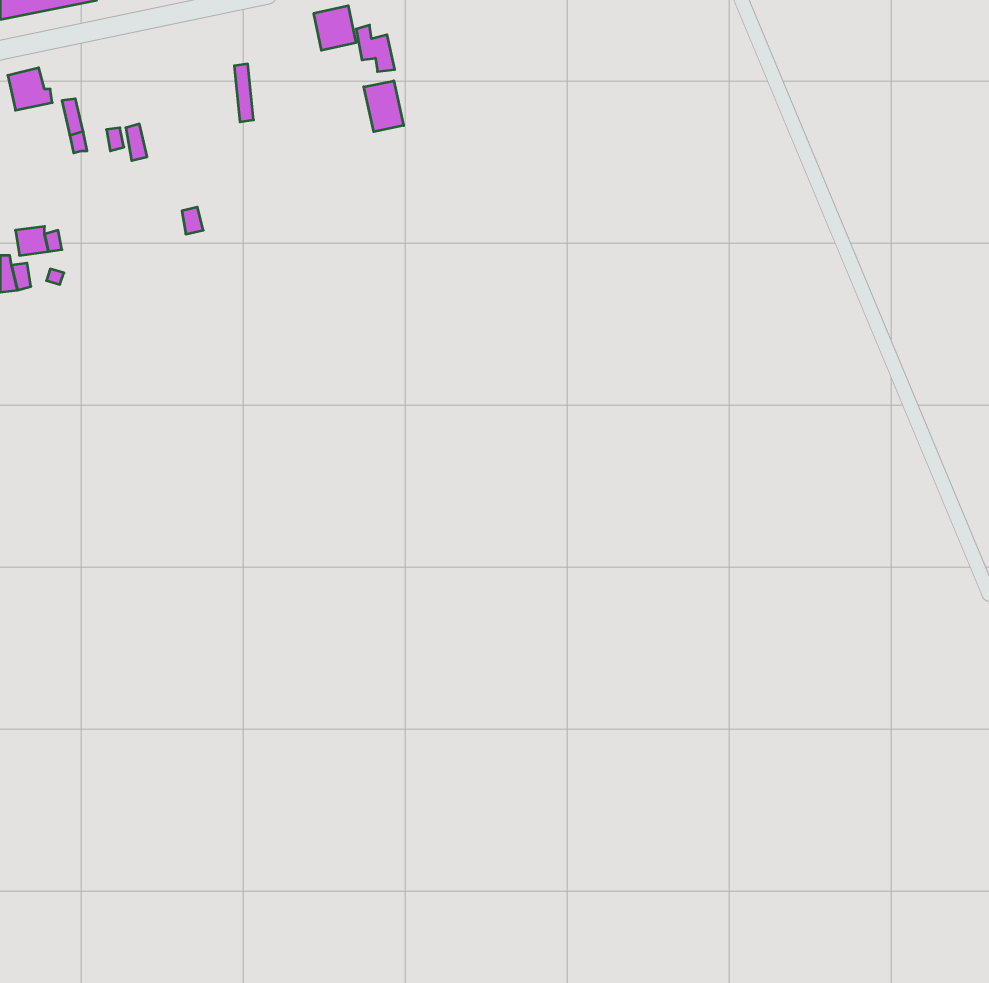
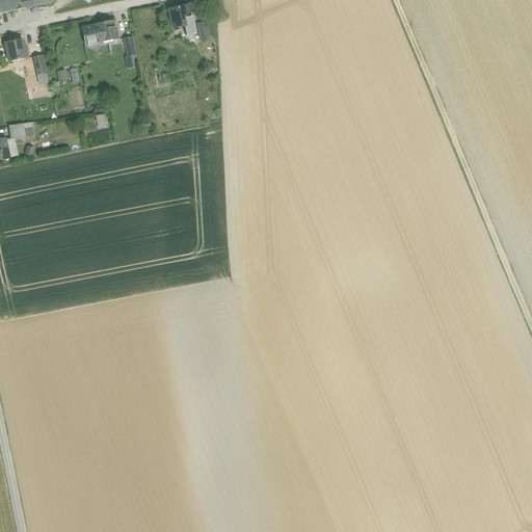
building: none -> [82,19,118,44]
building: [364,81,404,132] -> none

